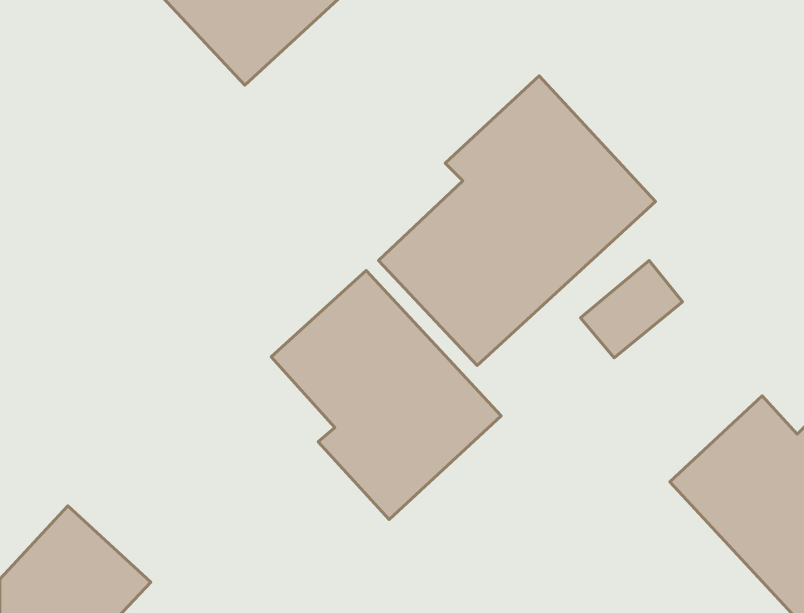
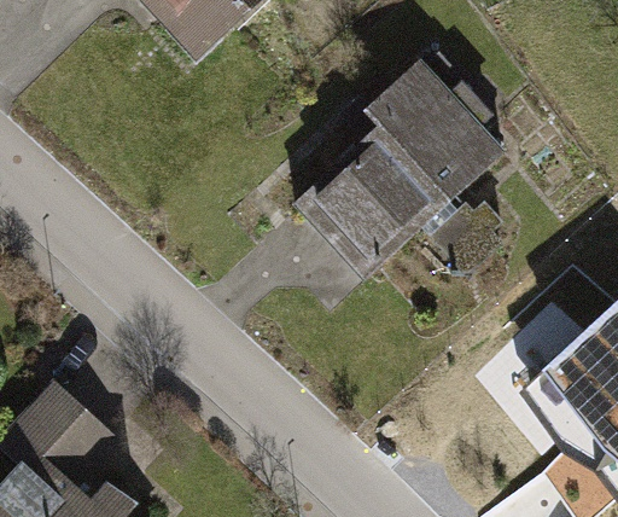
building: [271,270,501,519] -> none

